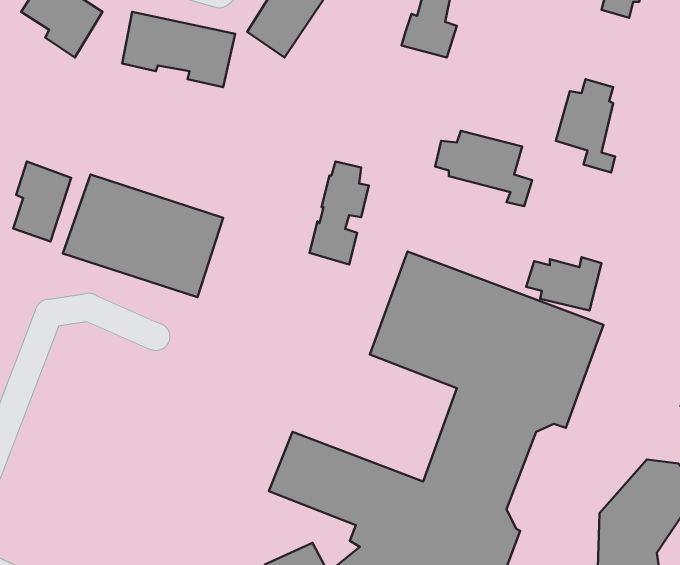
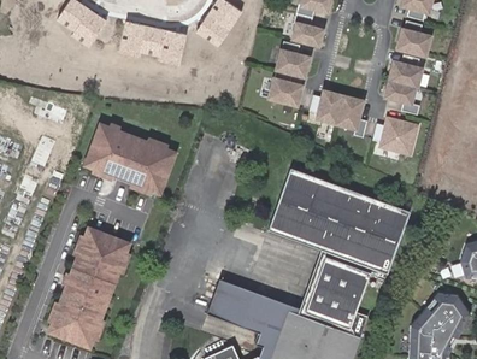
building: none -> [393,24,426,58]
building: [13,162,71,241] -> none
building: [310,162,369,265] -> [261,42,298,105]
building: [526,257,601,311] -> [371,123,417,155]
building: none -> [49,223,136,348]

